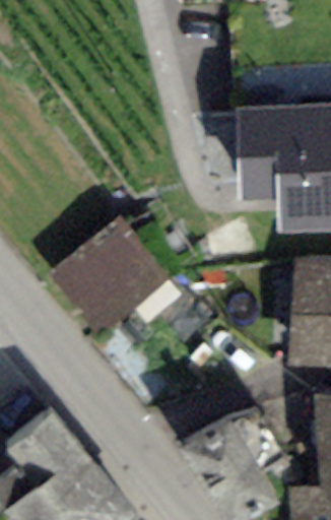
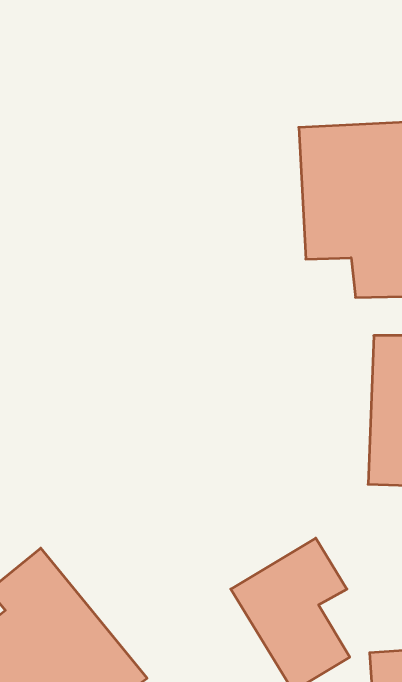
building: [57,221,160,323] -> none

